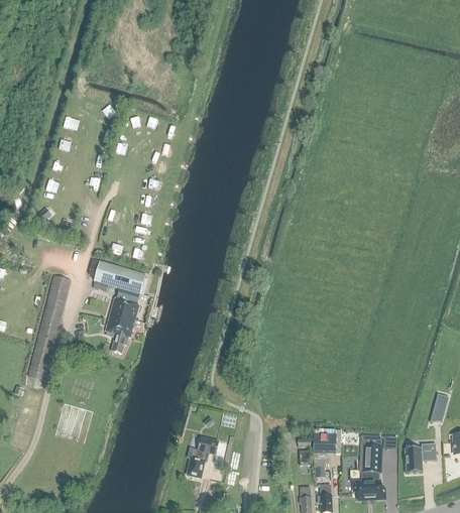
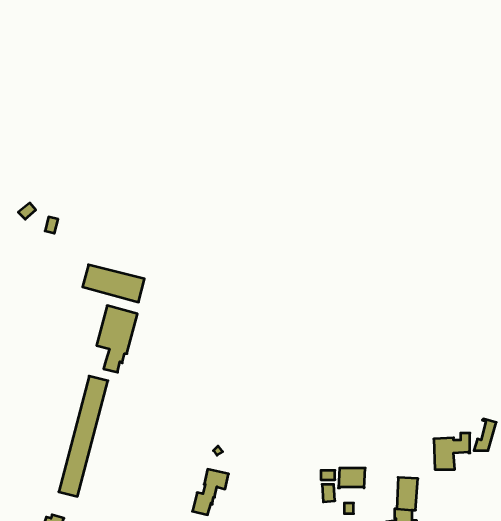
building: [27,275,70,379] -> [59,376,108,496]
building: [405,441,436,473] -> [434,433,470,469]

